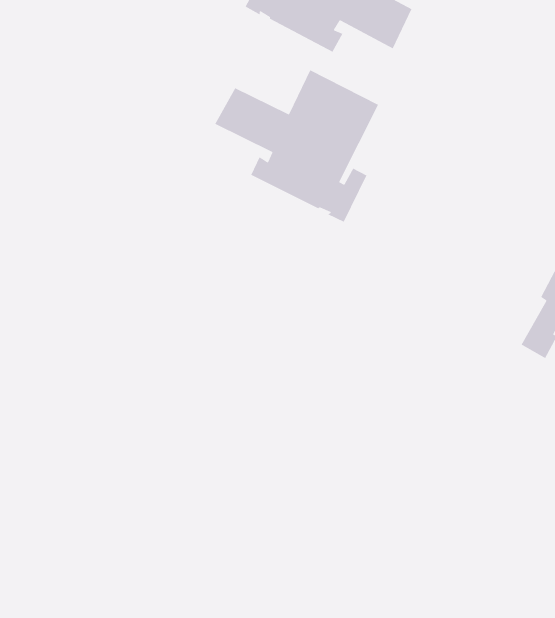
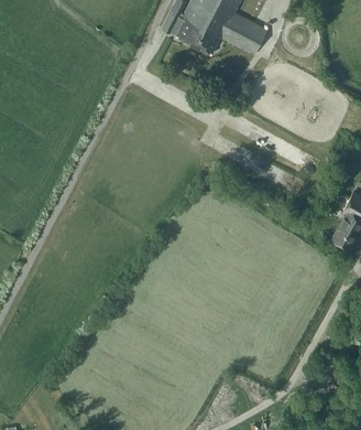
building: [214,69,379,223] -> none

